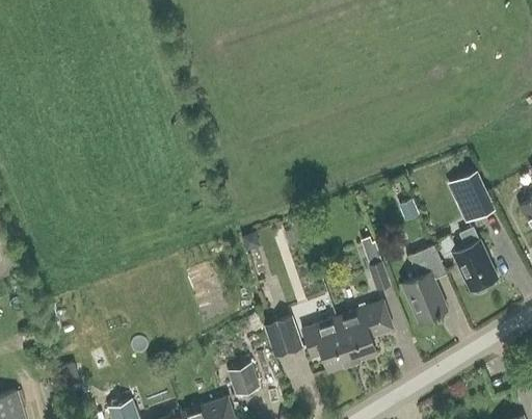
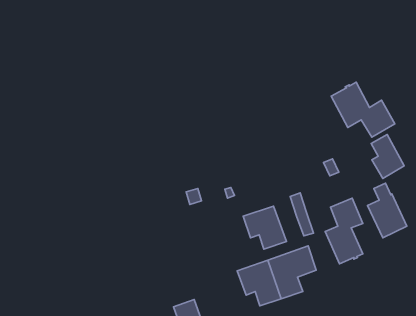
building: none -> [331,82,395,137]
building: none -> [243,206,286,249]
building: [263,315,303,358] -> none

